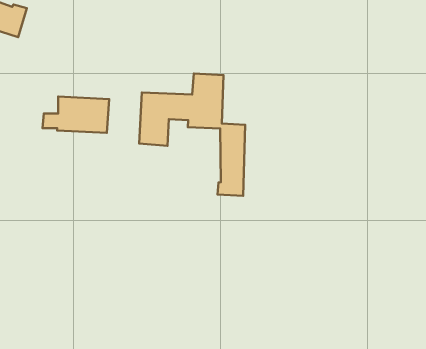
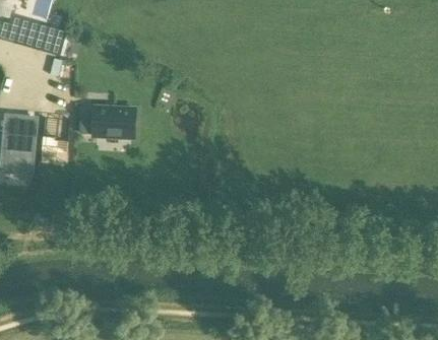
building: [139,74,245,196] -> none

